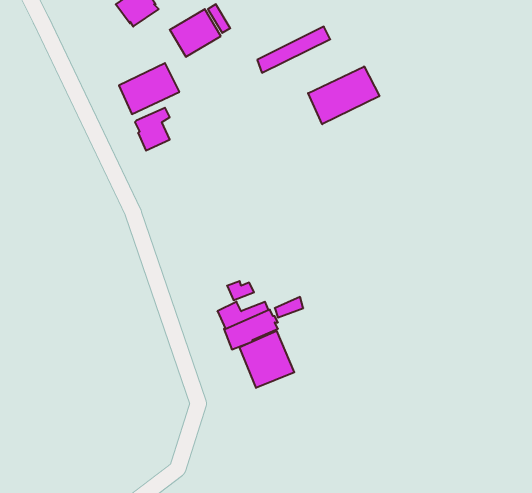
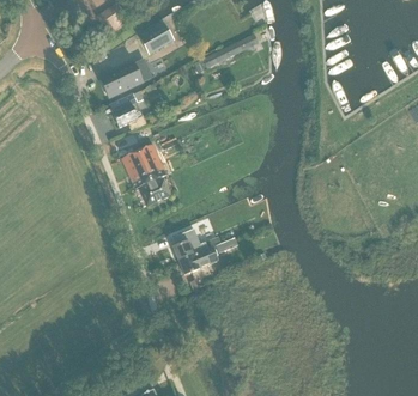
building: [308,66,379,124] -> none
building: none -> [123,142,172,206]
building: [240,331,294,388] -> none

